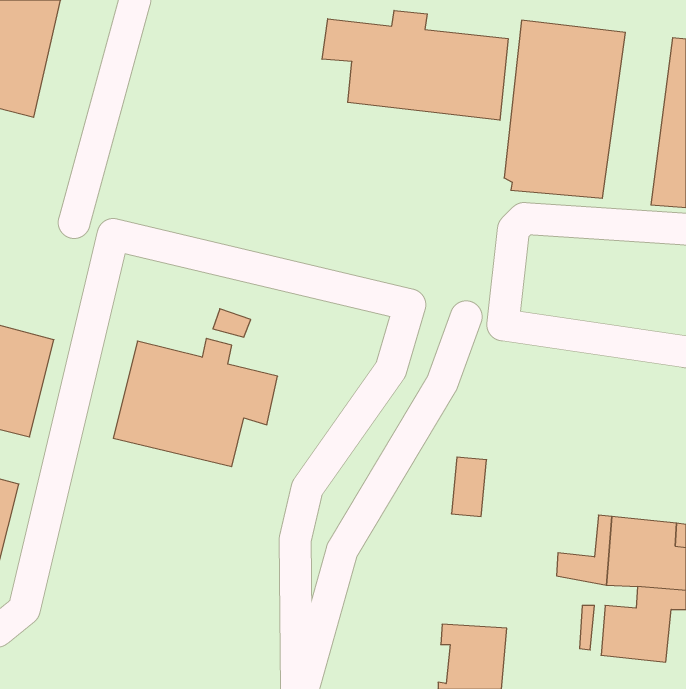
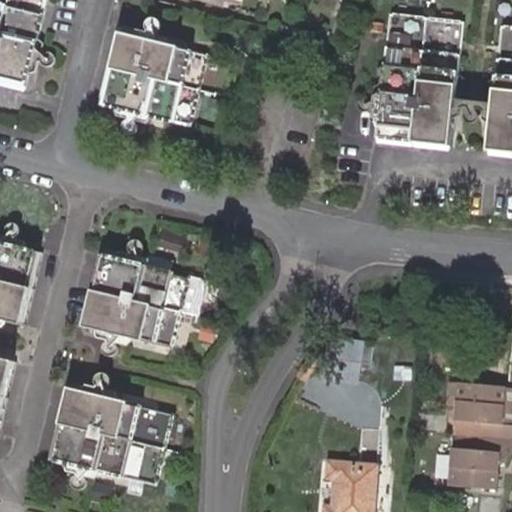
building: [322,10,508,120] -> none
building: none -> [101,32,206,127]
building: none -> [51,386,174,485]

